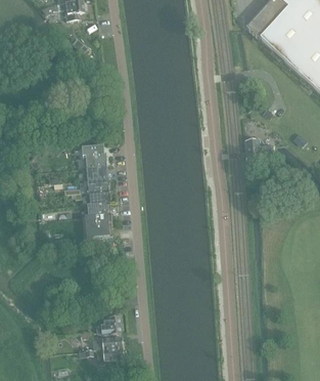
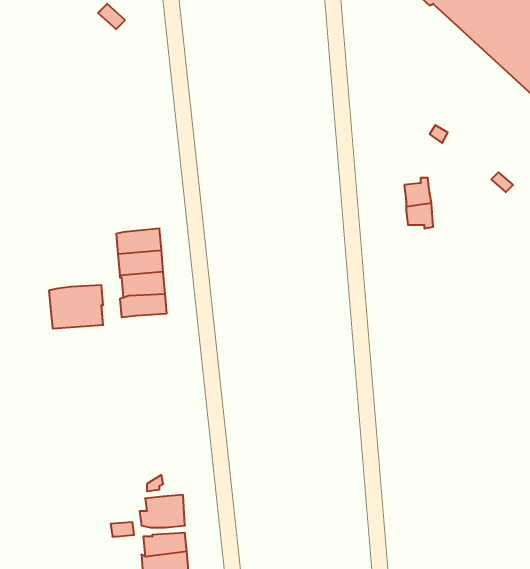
building: [81,144,106,166] -> none
building: [81,212,111,237] -> [49,285,103,329]

